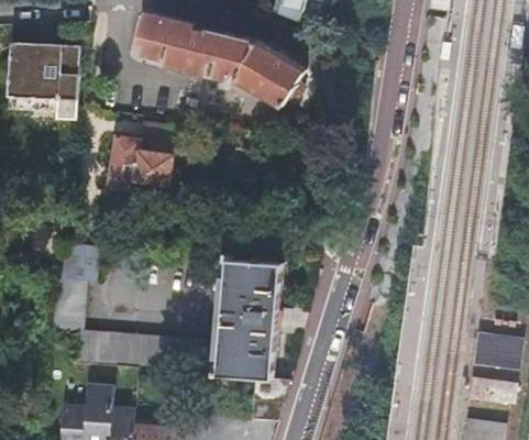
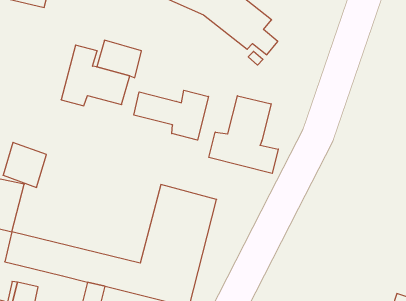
building: none -> [209,96,278,173]
building: none -> [134,90,208,140]

